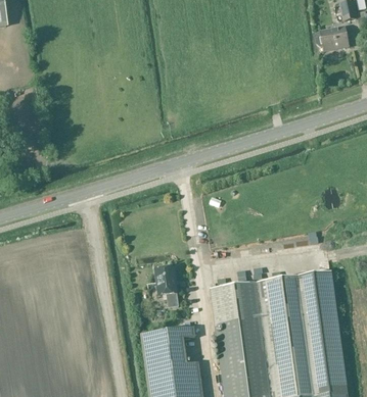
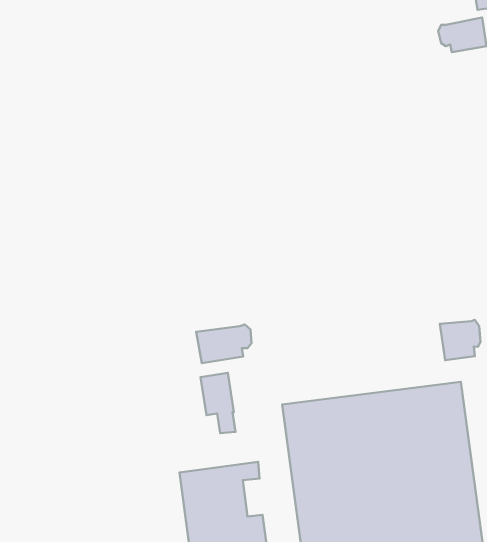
building: none -> [440,320,481,360]
building: none -> [196,324,252,363]

